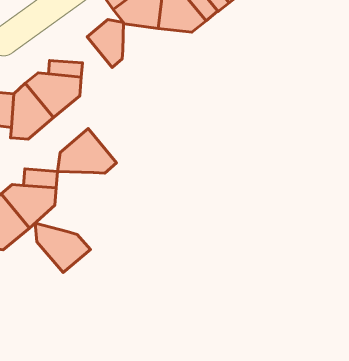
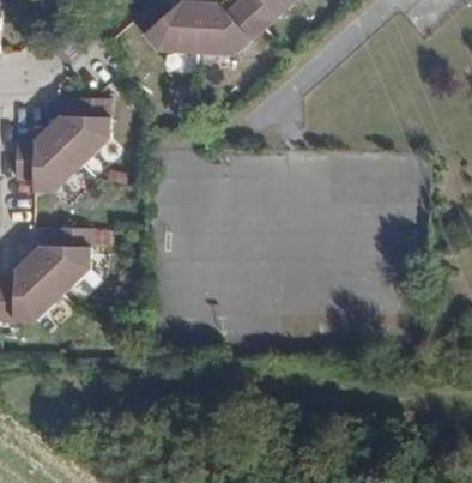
building: [87,20,123,68] -> none
building: [58,128,117,173] -> none
building: [35,223,90,272] -> none

